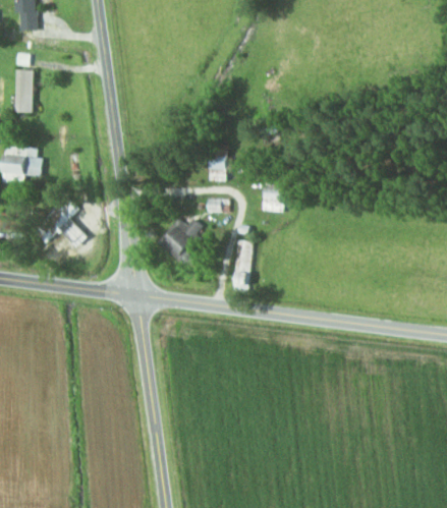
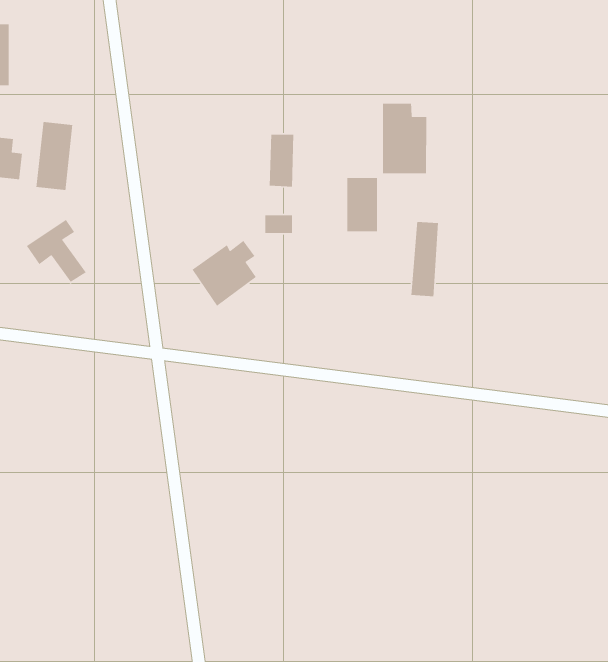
building: none -> [382,103,427,174]
building: none -> [35,121,73,191]
building: [232,240,252,292] -> [410,221,439,297]

